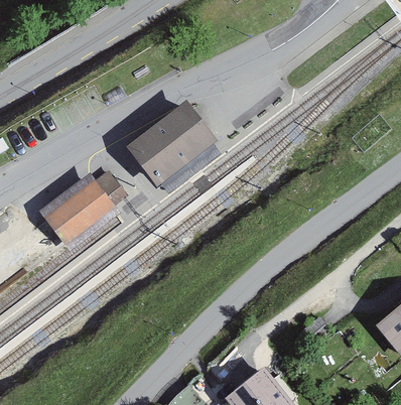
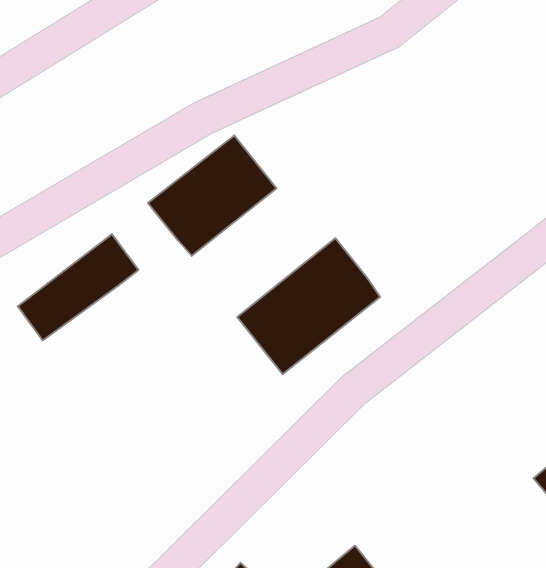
building: none -> [237,238,380,374]

